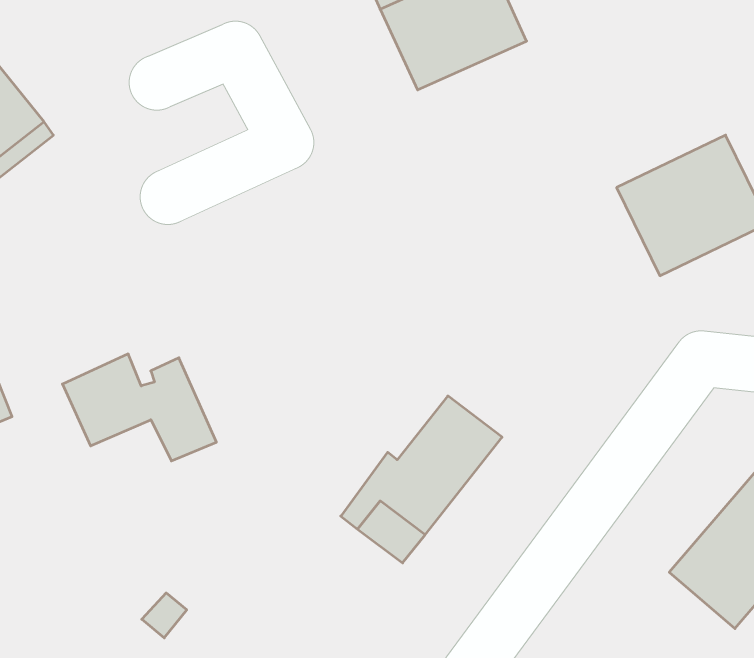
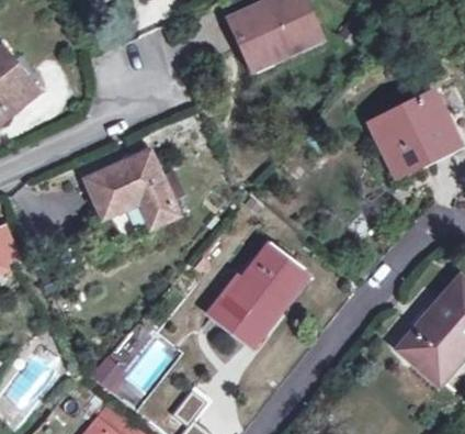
building: [62,354,216,461] -> [87,163,177,225]

